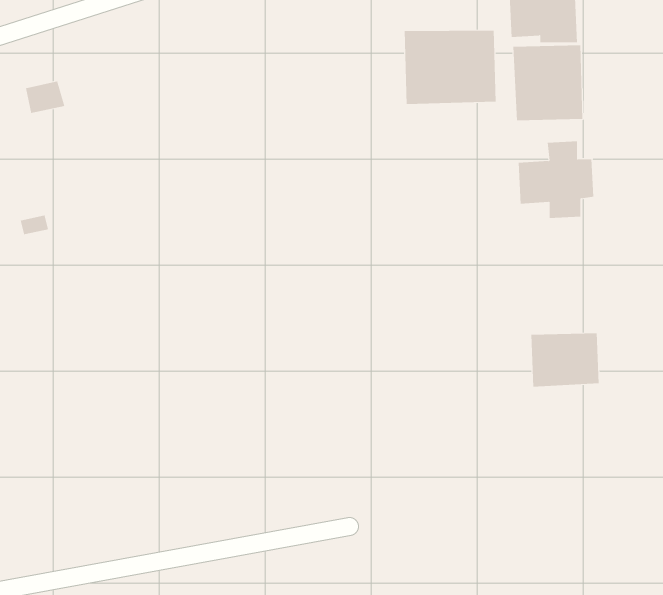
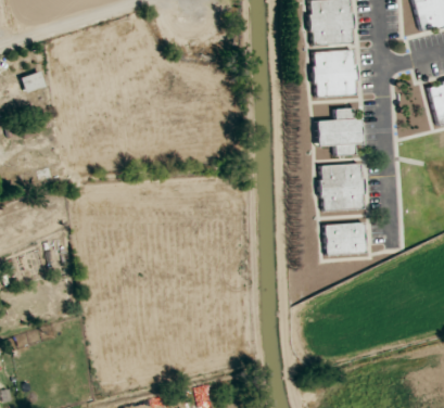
building: [404,30,496,105] -> none
building: none -> [320,163,364,209]

